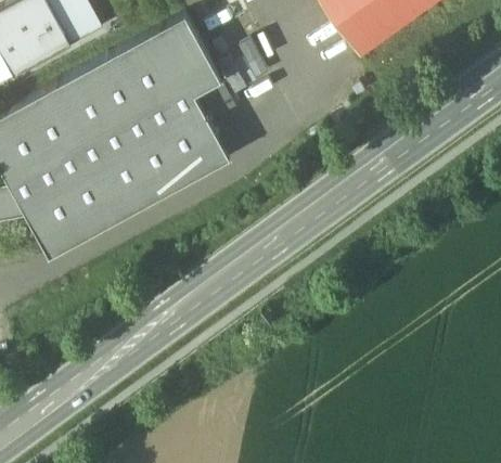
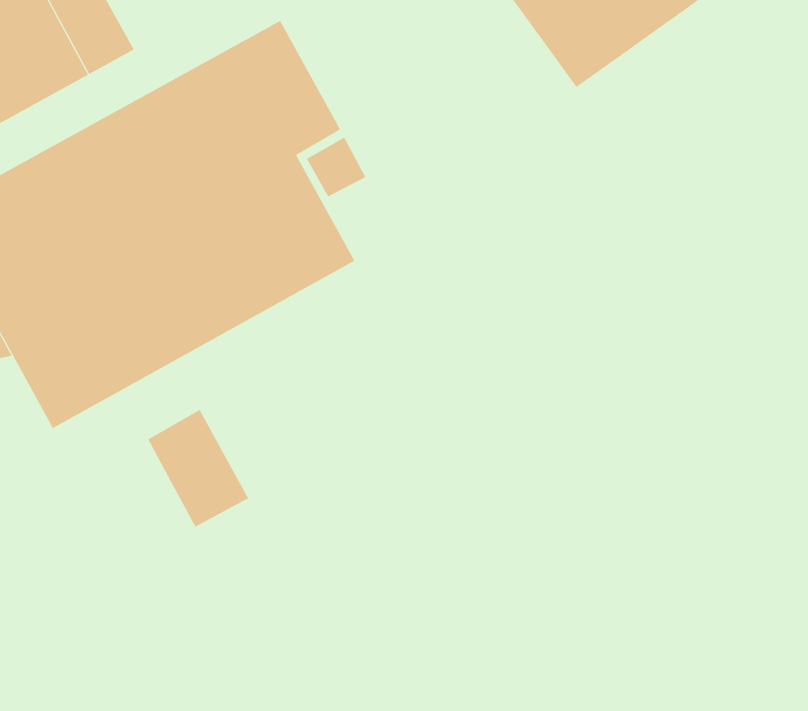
building: none -> [148,409,249,527]

